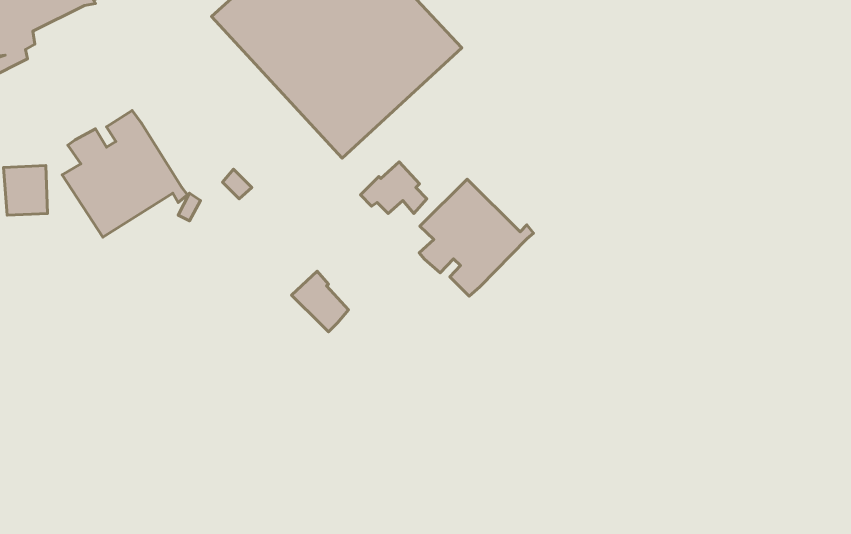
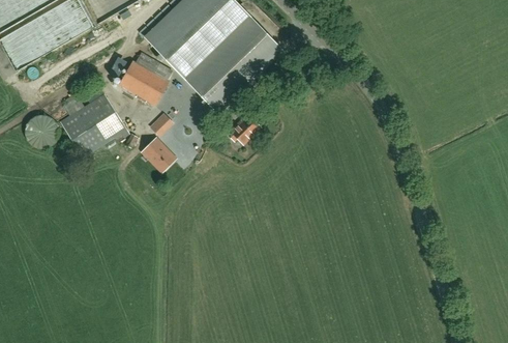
building: none -> [118,53,171,106]
building: [419,179,534,296] -> none
building: [292,271,349,332] -> [141,138,173,172]

